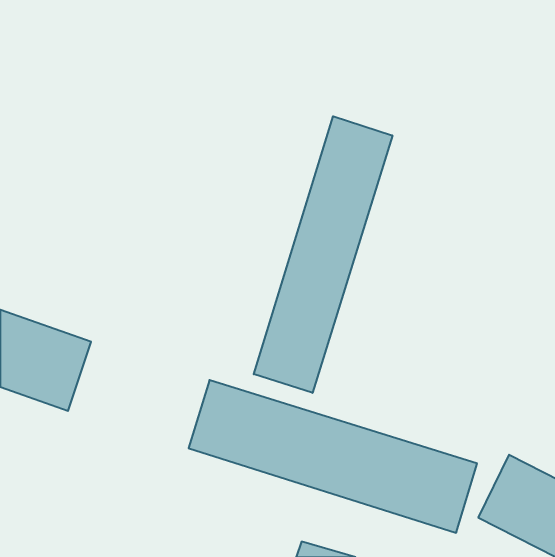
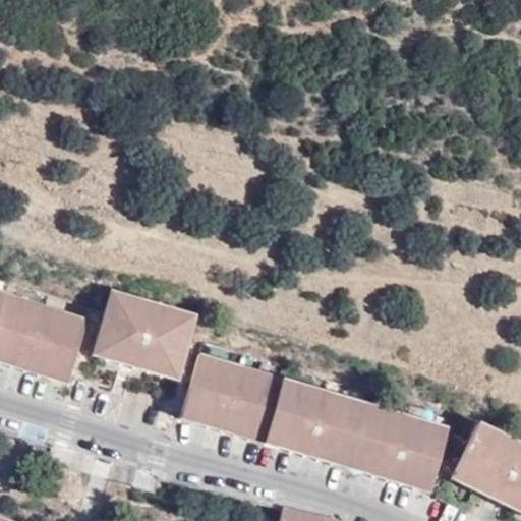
building: [254,116,392,393] -> none
building: none -> [93,287,197,379]

